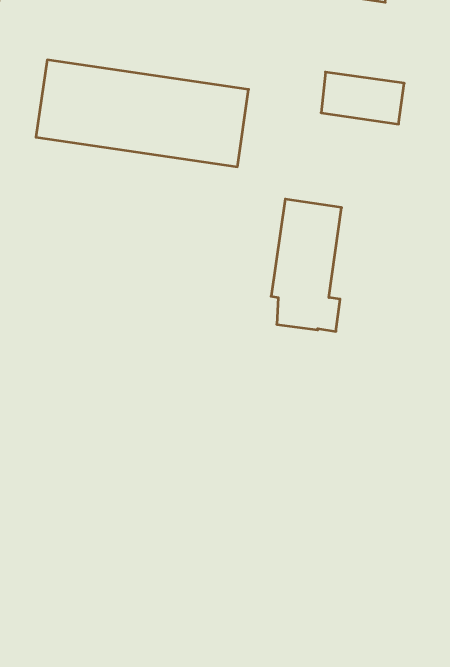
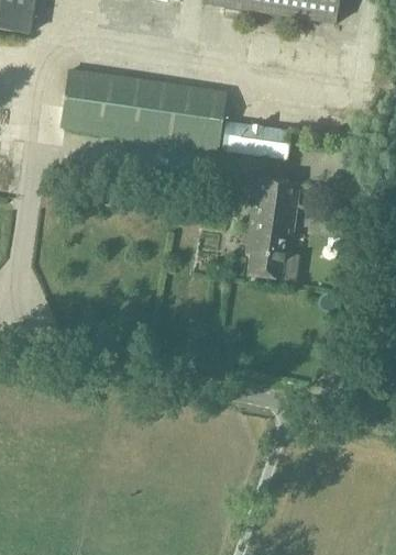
building: [321,72,404,124] -> [222,119,287,159]

